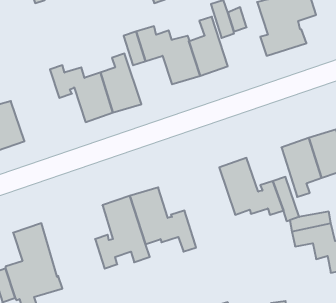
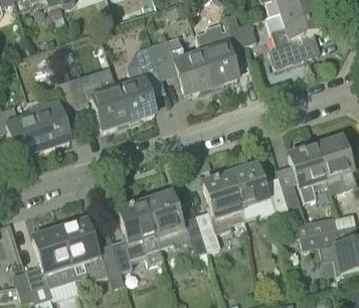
building: none -> [30,80,76,148]
building: none -> [196,173,244,250]
building: none -> [59,218,120,278]

